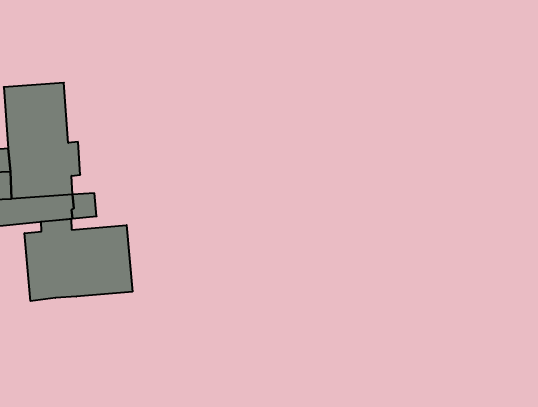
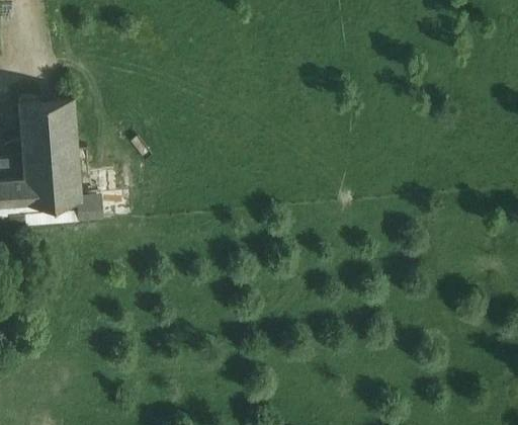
building: [25,219,132,301] -> none

